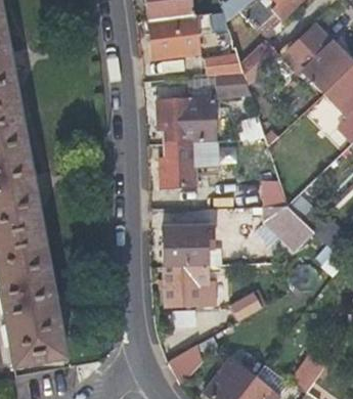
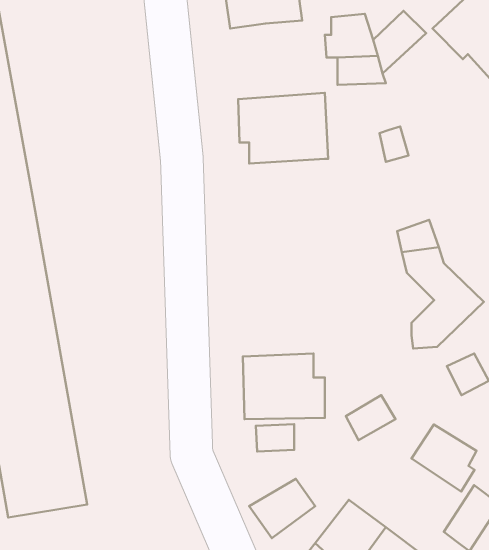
building: [162,140,215,186] -> none
building: [162,226,211,266] -> none
building: none -> [412,424,476,492]

